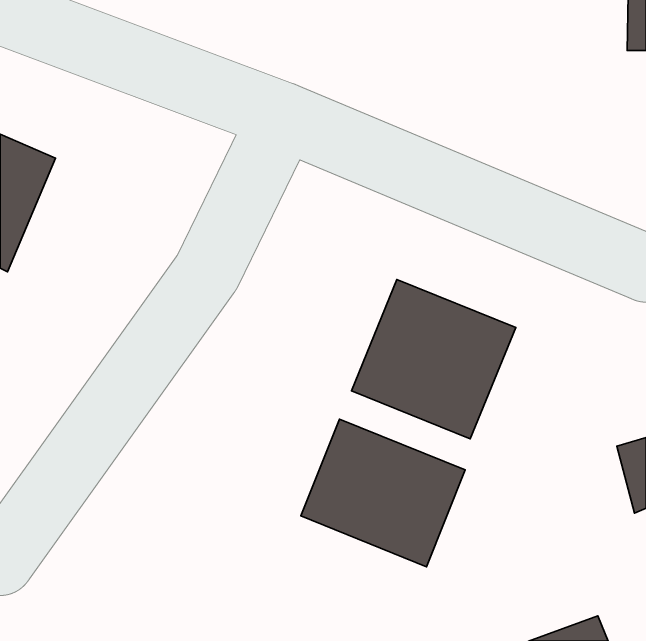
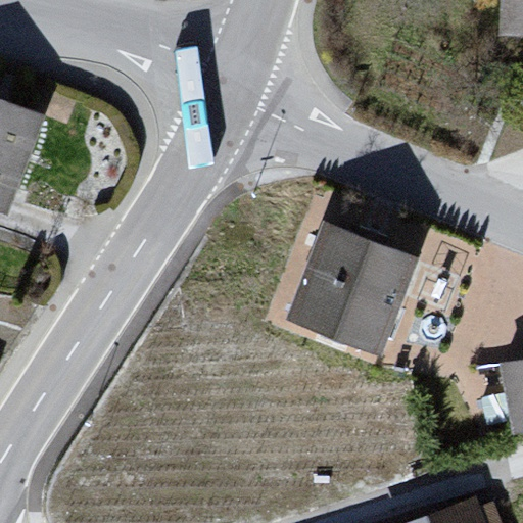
building: [301,419,465,567] -> none

